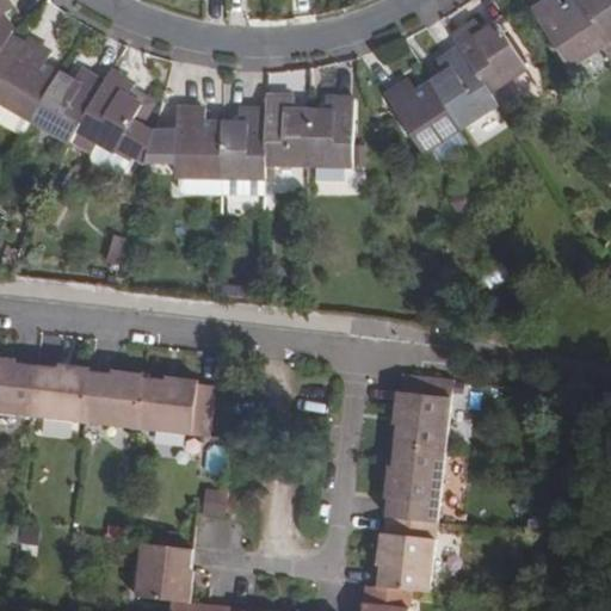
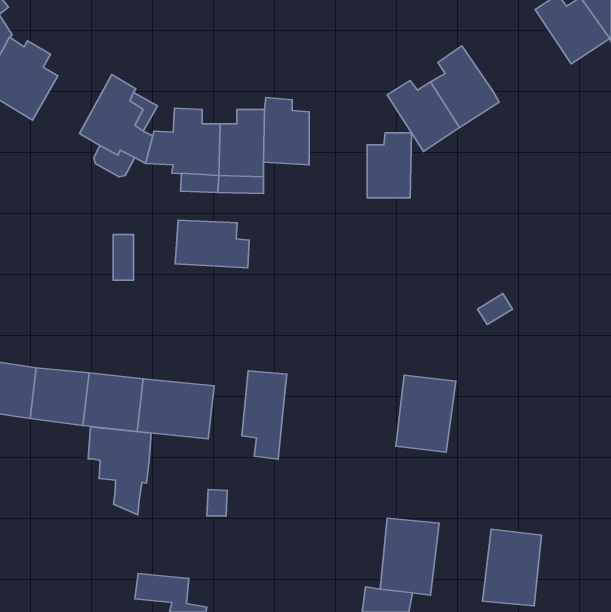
building: [452,20,525,91] -> none
building: [32,72,105,143] -> none
building: [307,99,351,163] -> [367,133,412,198]
building: none -> [175,220,249,268]
building: none -> [242,371,287,459]
building: none -> [88,427,151,515]
building: [384,443,443,519] -> [483,529,542,606]
building: [137,541,190,574] -> none

